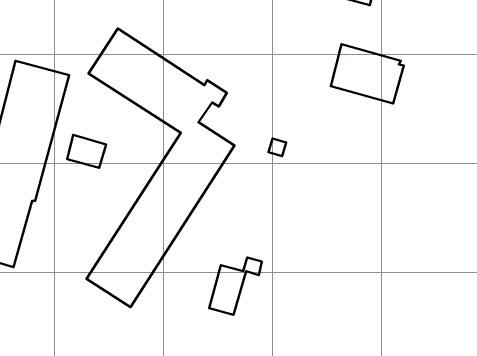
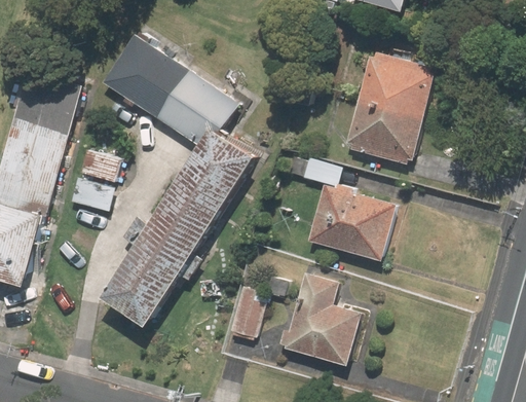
building: none -> [345,95,423,165]
building: none -> [308,182,396,260]
building: none -> [278,272,361,364]

